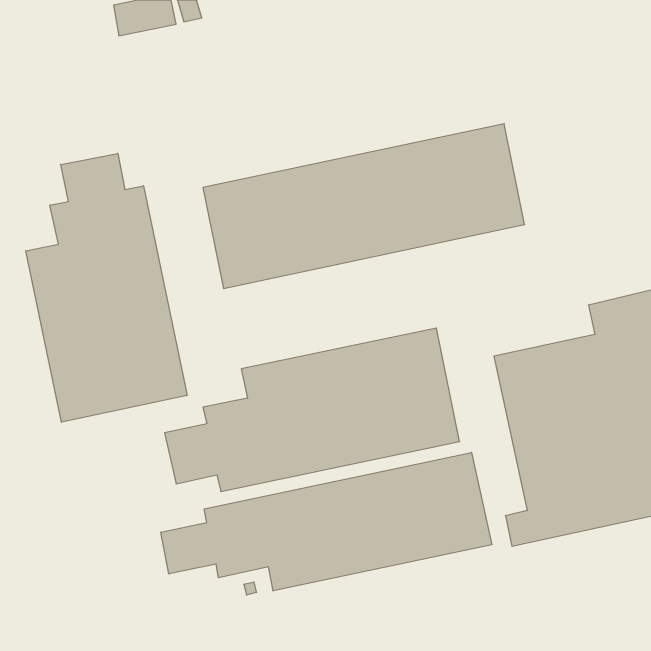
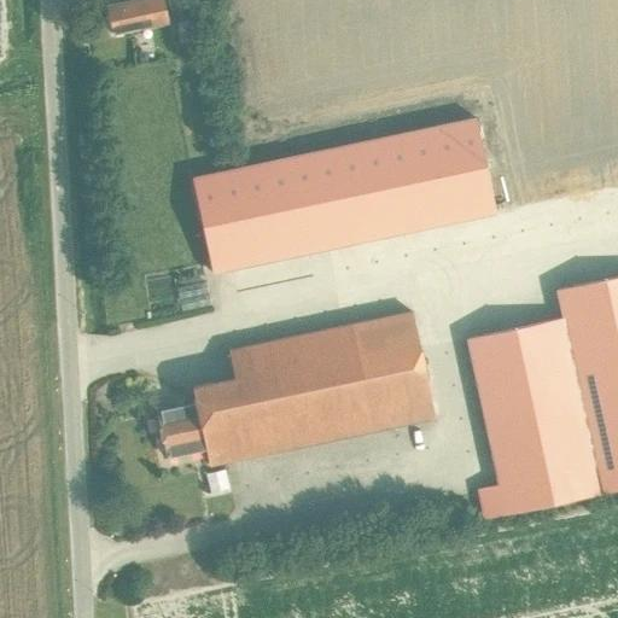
building: [26,153,187,422] -> none
building: [161,452,492,591] -> none

